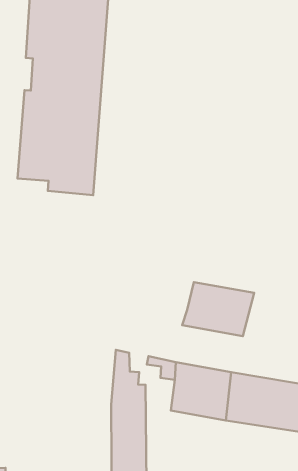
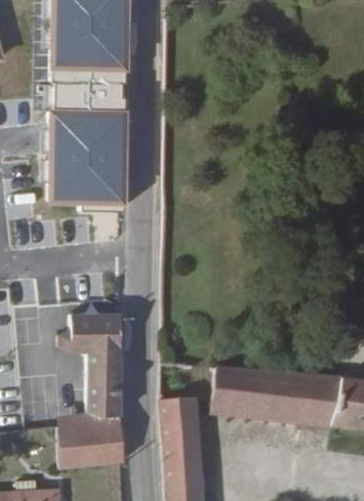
building: [182,282,254,336] -> none
building: none -> [57,310,124,465]

